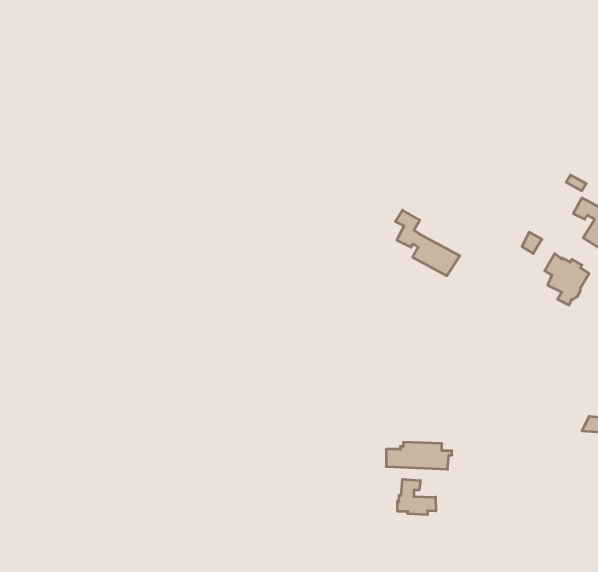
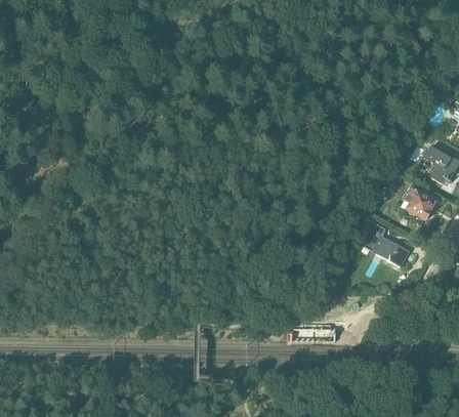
building: [395,210,460,276] -> [364,219,410,266]
building: [398,479,436,515] -> none

